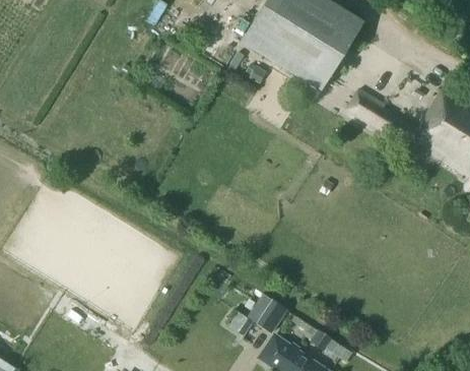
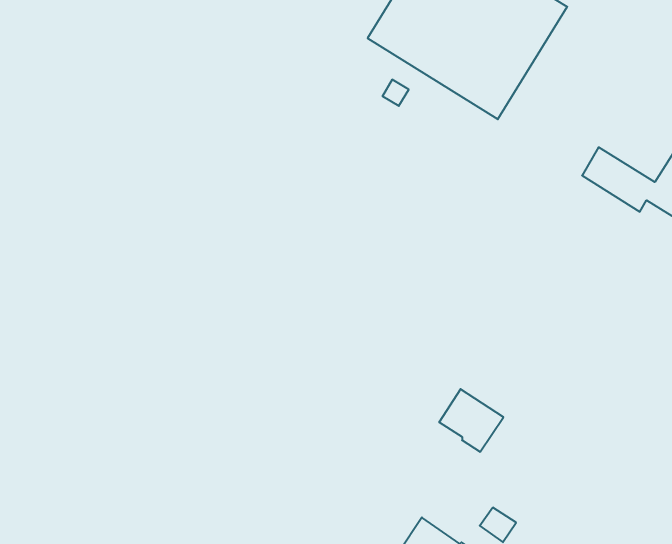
building: [246,296,285,334] -> [439,389,503,452]

